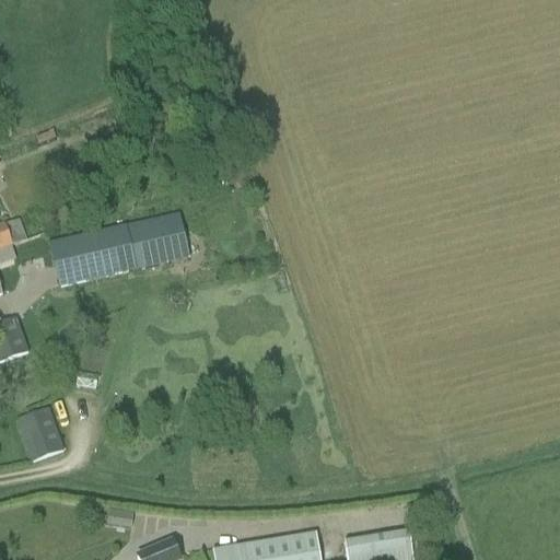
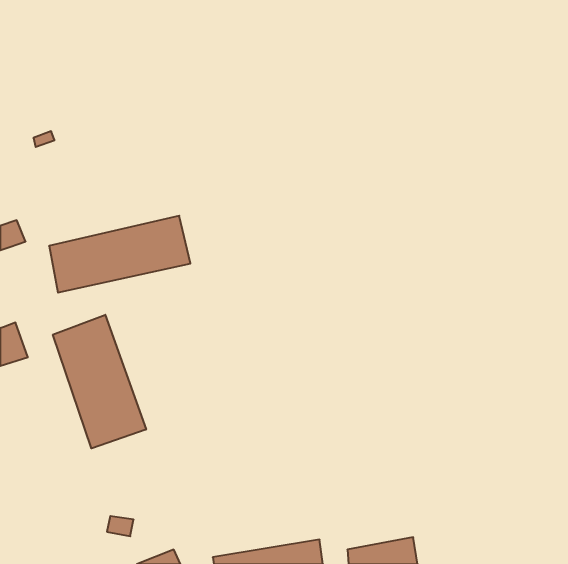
building: none -> [53,315,146,448]
building: [15,408,62,457] -> none

